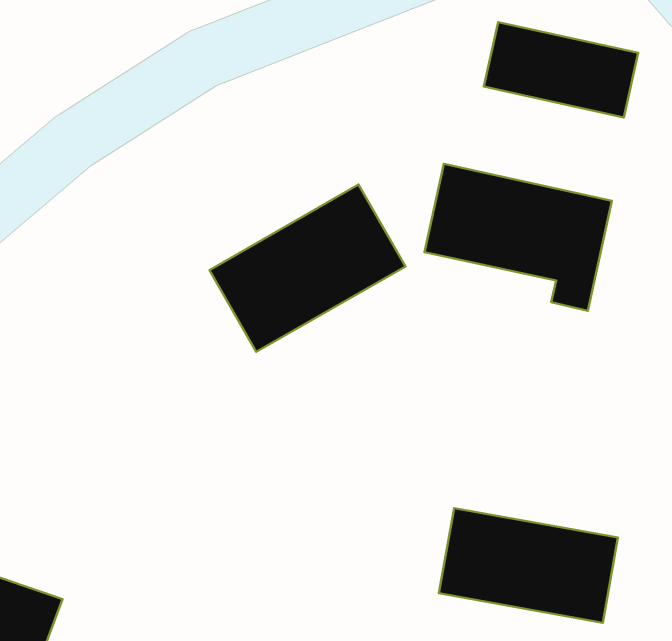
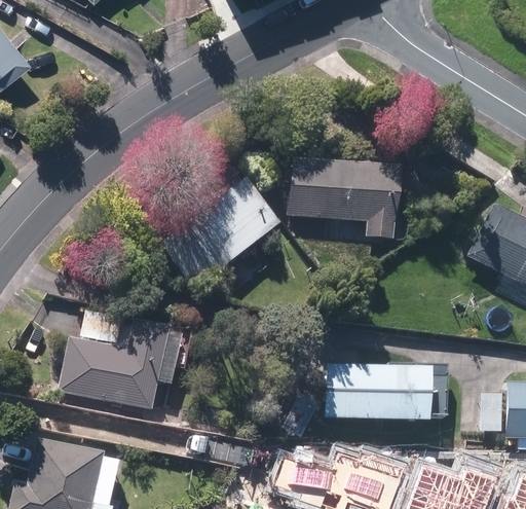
building: [484,22,638,118] -> none
building: none -> [61,322,167,407]

